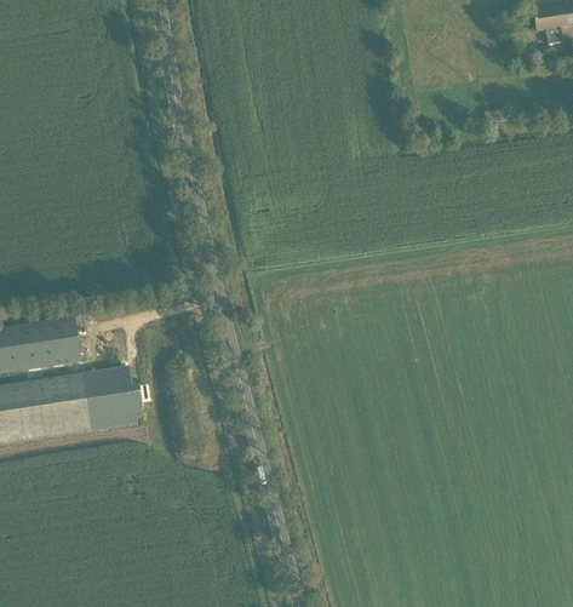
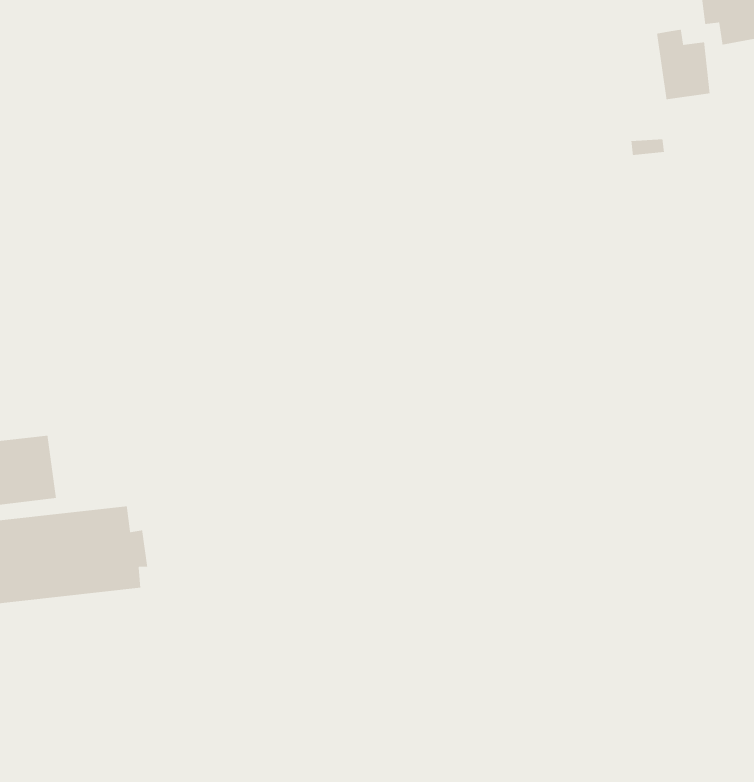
building: none -> [656,29,710,100]

